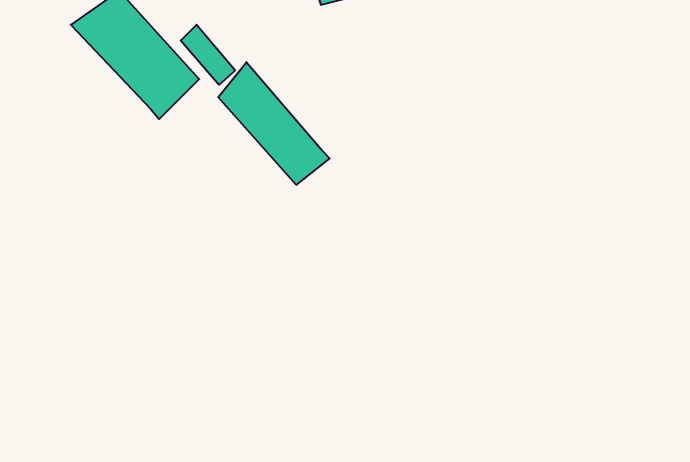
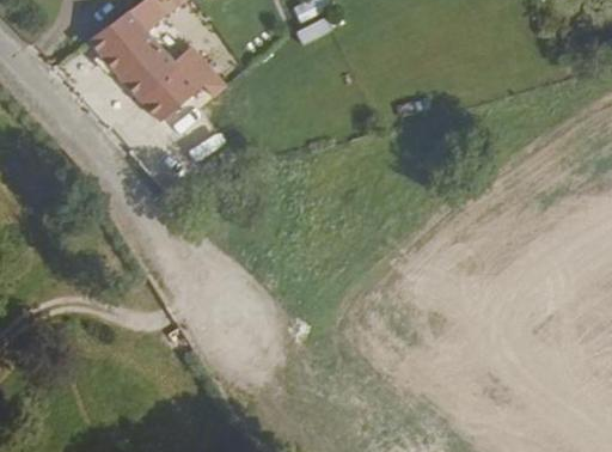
building: [218,62,330,185] -> none

